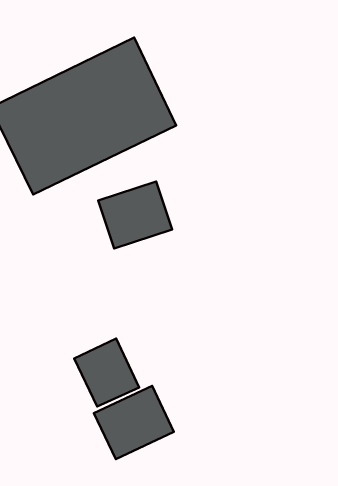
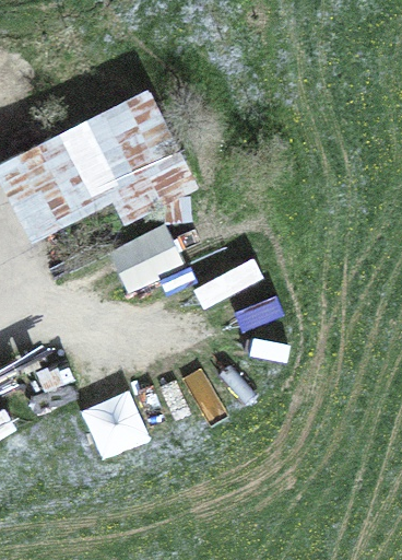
building: [94,386,174,459] -> none

